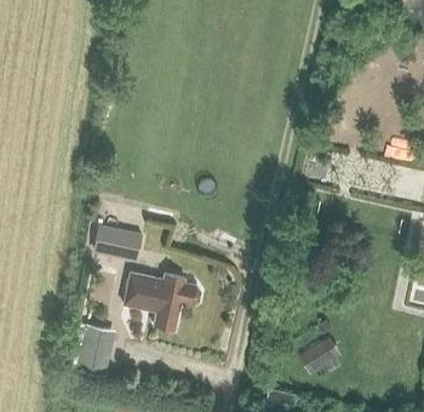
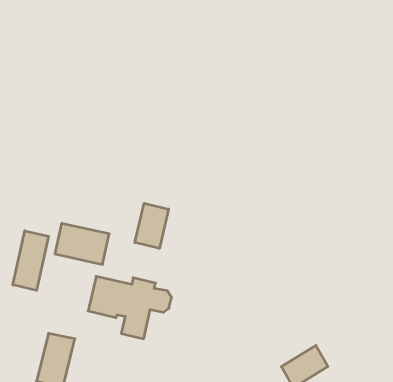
building: none -> [135,203,169,248]
building: none -> [13,231,49,290]

